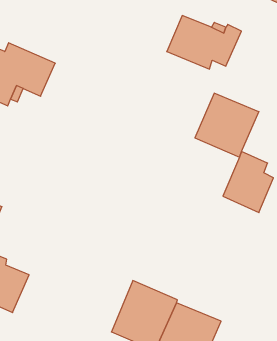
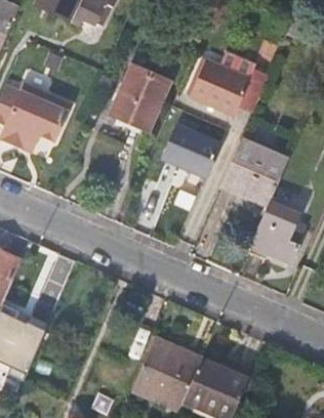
building: none -> [114,67,167,125]
building: none -> [161,123,220,176]

